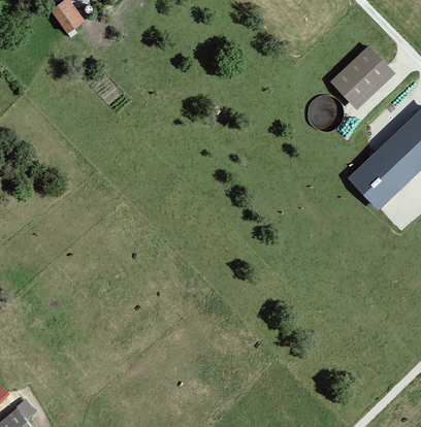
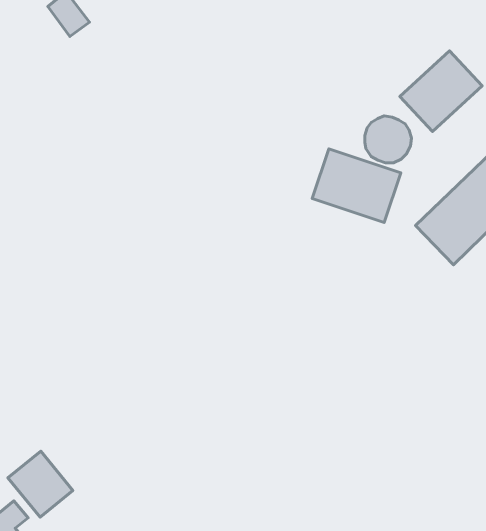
building: none -> [312,149,401,222]
building: none -> [8,451,73,517]

